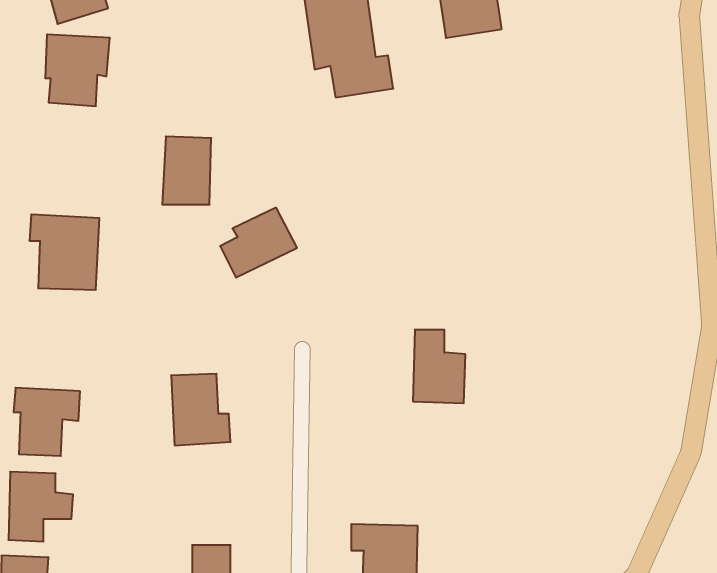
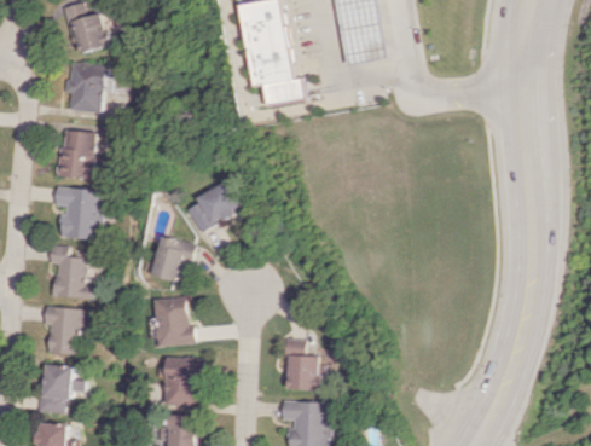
building: [162,136,211,205] -> [59,131,93,178]
building: none -> [152,236,193,283]
building: none -> [51,245,93,299]
building: [413,330,465,403] -> [280,340,317,390]
building: none -> [163,358,196,404]

